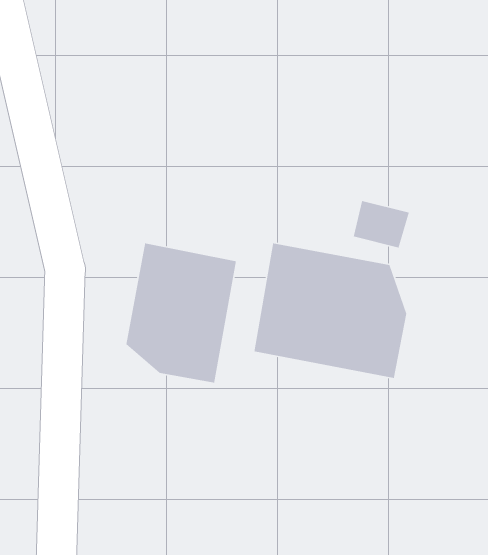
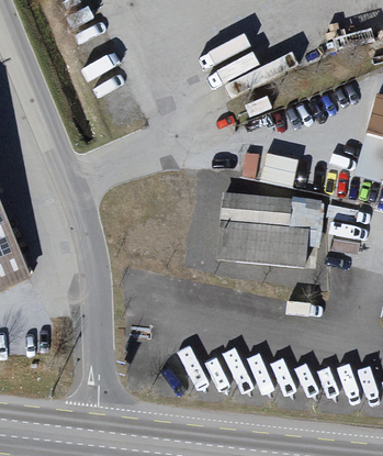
building: [126,243,237,383] -> none

